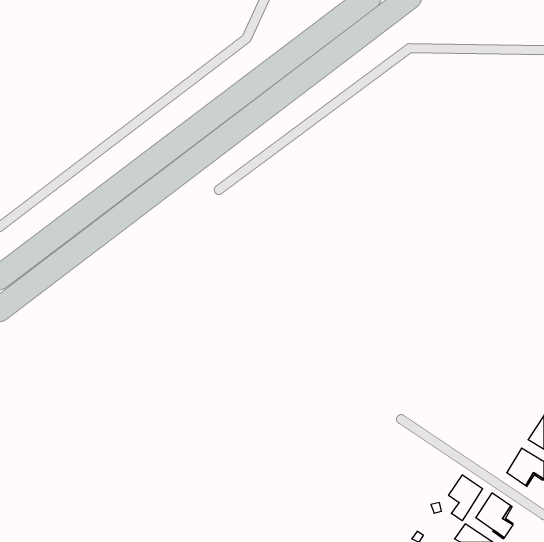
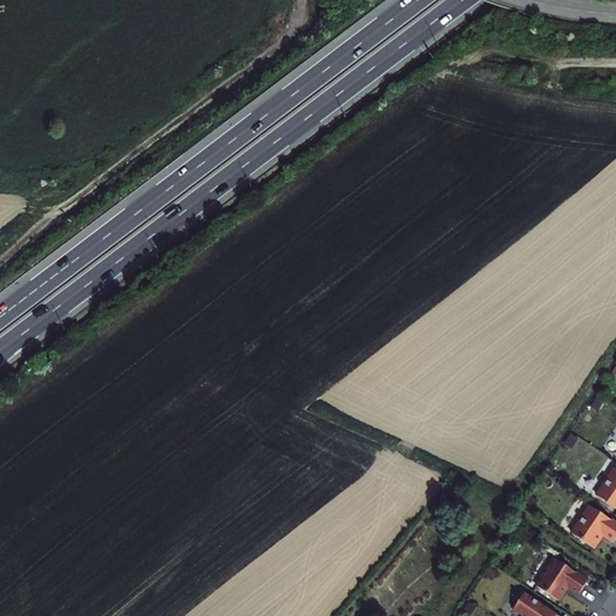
building: [449,475,483,521] -> none

